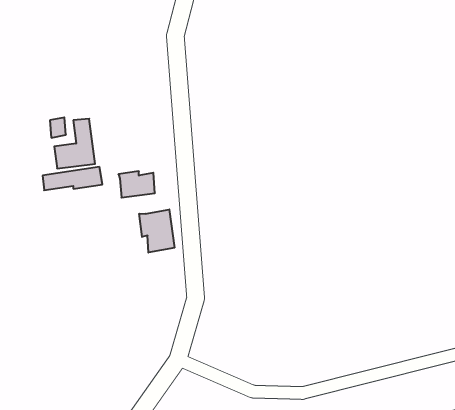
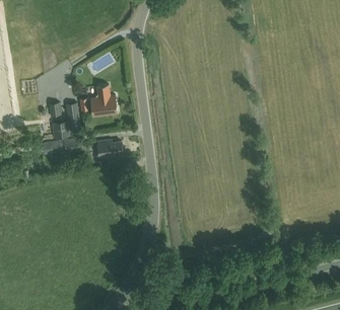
building: none -> [79,83,117,114]
building: [139,209,174,253] -> none

